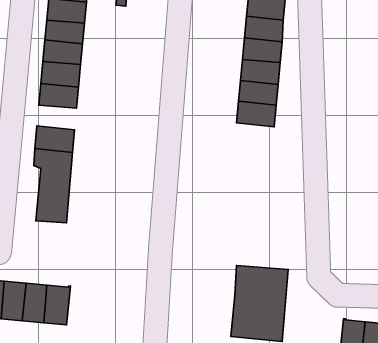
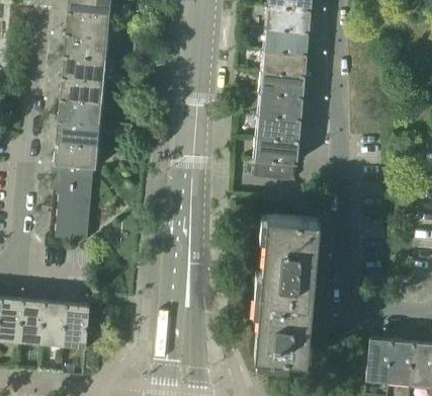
building: none -> [56,120,96,145]
building: none -> [256,138,298,181]
building: none -> [260,215,319,288]

